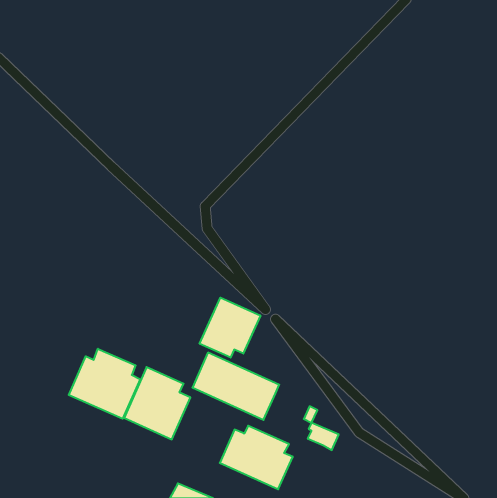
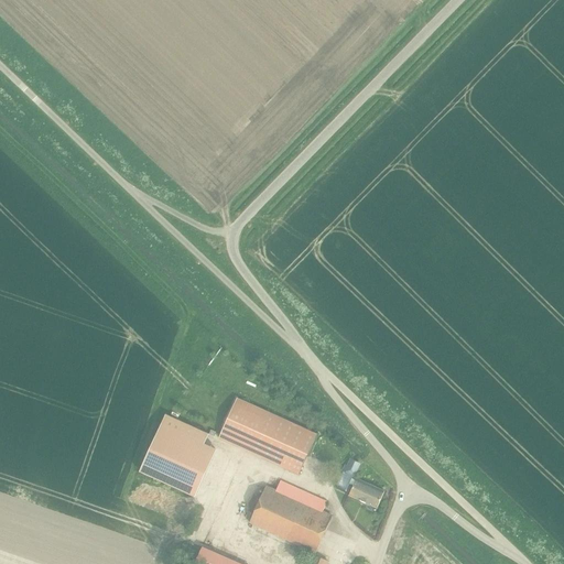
building: [200,298,260,358] -> none
building: [69,349,140,419] -> none

